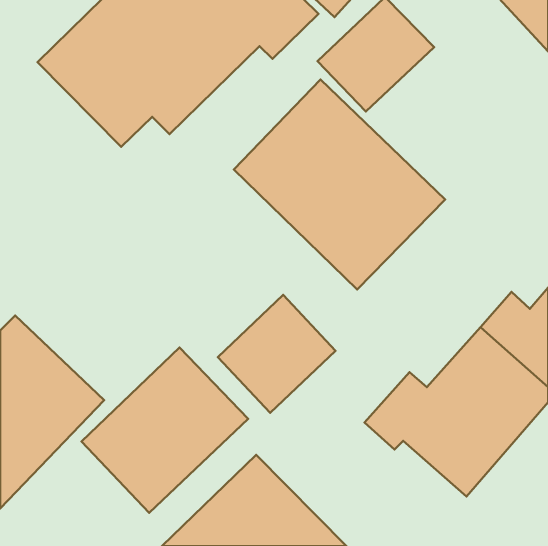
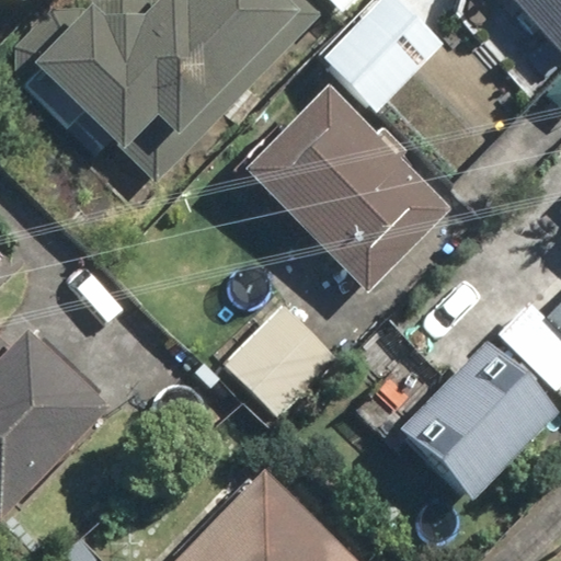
building: [82,348,248,513] -> none

